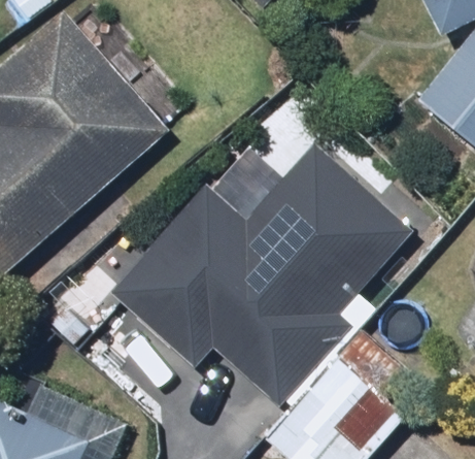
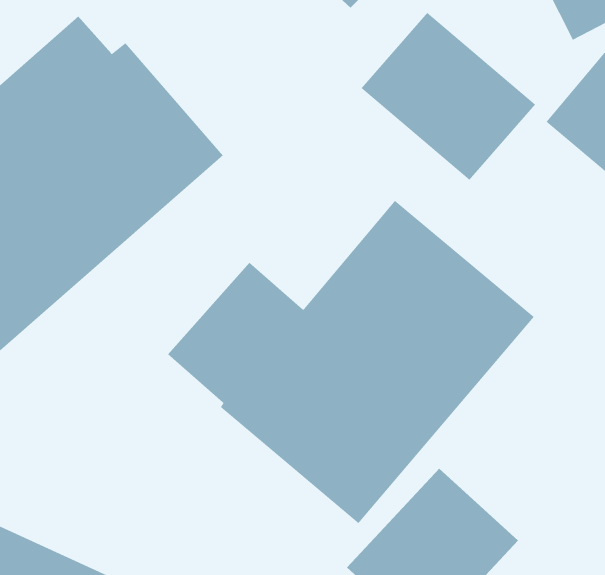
building: none -> [361,12,536,181]

